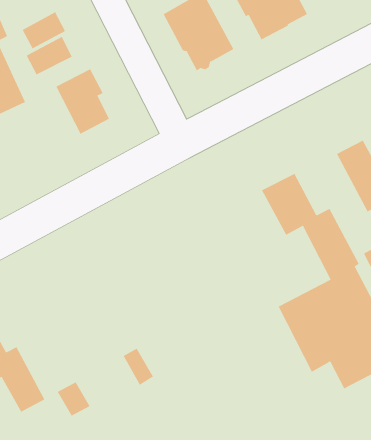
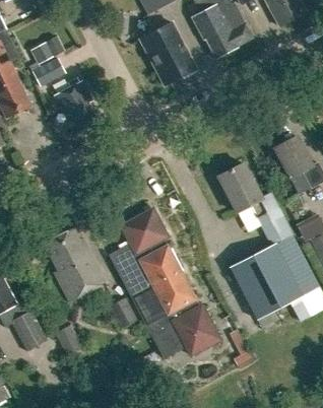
building: none -> [110,208,222,355]
building: none -> [45,227,106,300]

